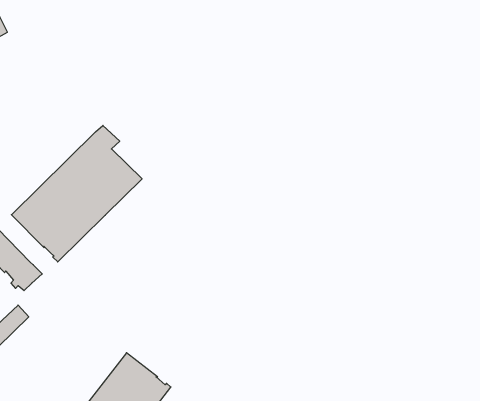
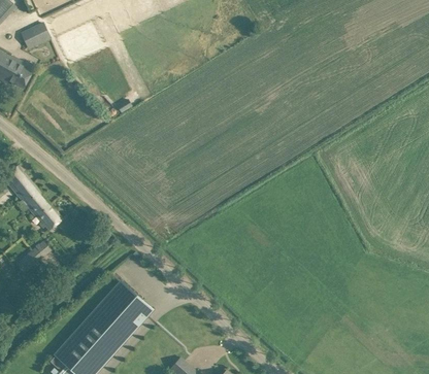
building: [11,125,142,262] -> none

